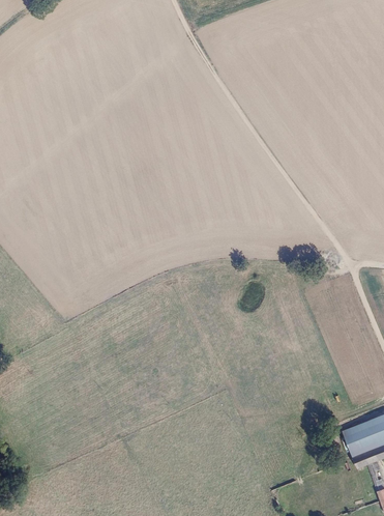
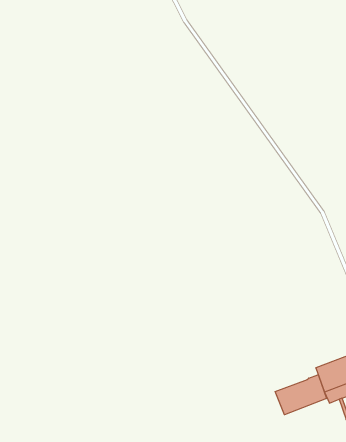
building: none -> [275,375,327,415]

